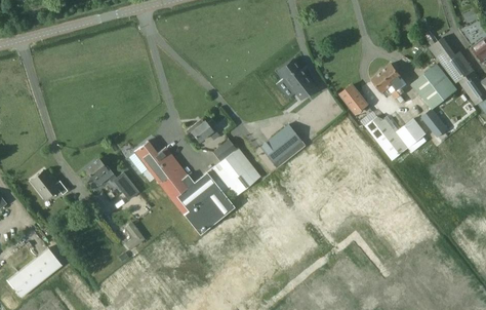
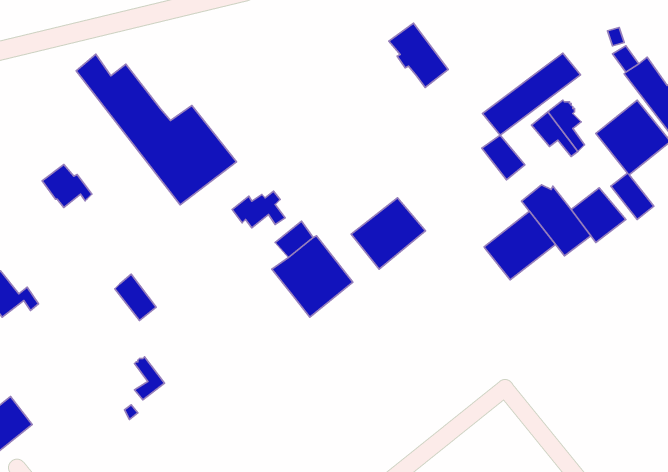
building: none -> [483,53,580,135]
building: [278,60,315,100] -> [389,23,448,88]
building: none -> [484,211,555,280]
building: [135,141,235,234] -> [76,54,237,205]
building: [85,159,116,186] -> [42,164,92,207]

